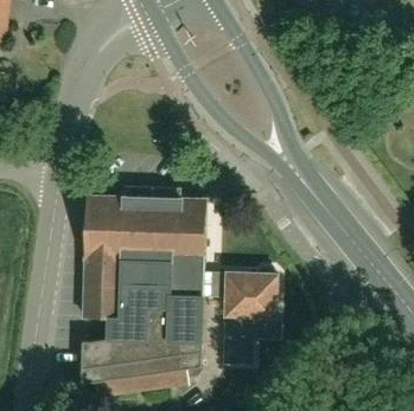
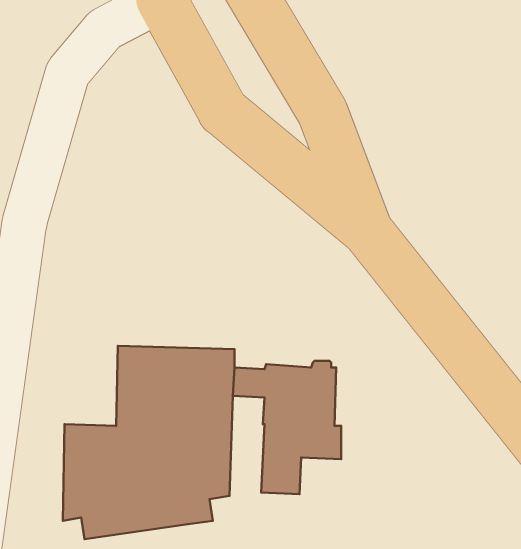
building: [83,195,206,316] -> none

